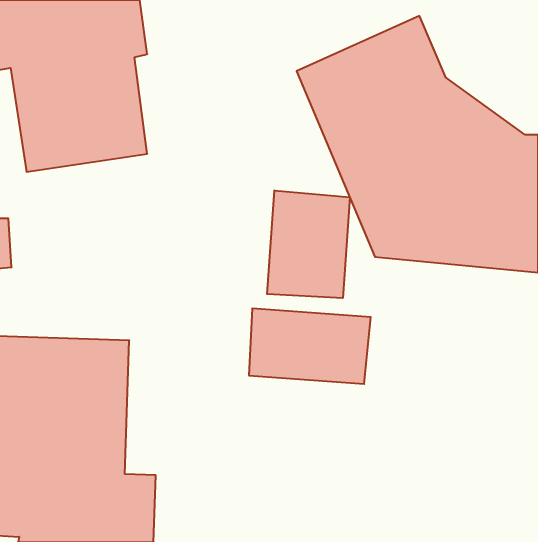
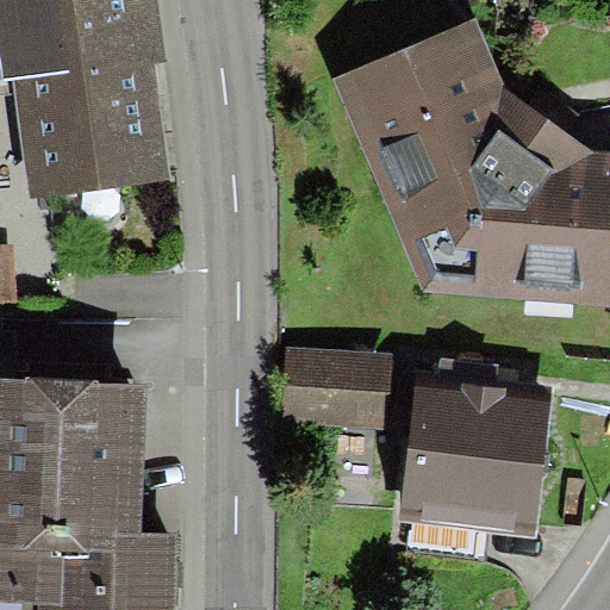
building: [267,190,350,298] -> none
building: none -> [399,356,550,536]

